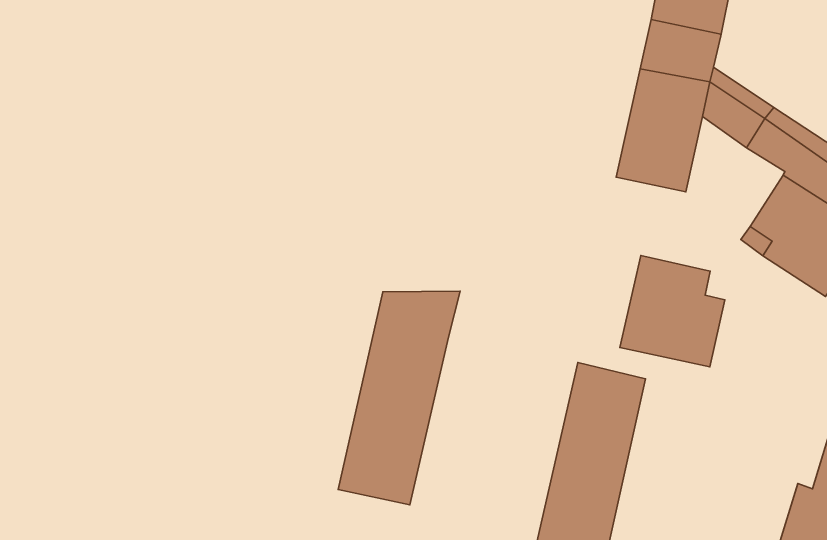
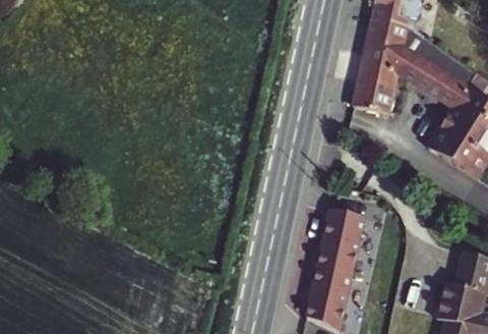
building: [620,256,725,367] -> none
building: [338,291,460,505] -> none

